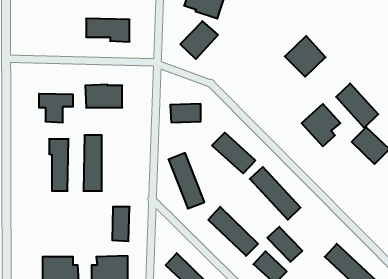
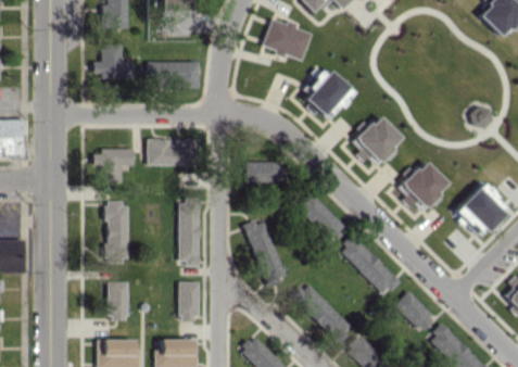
building: none -> [92,43,132,77]
building: [180,21,218,59] -> [304,71,349,115]
building: [285,36,326,77] -> [354,114,402,162]
building: [336,83,378,128] -> none
building: [83,135,102,191] -> [178,199,200,264]
building: none -> [108,281,127,320]
building: [267,227,302,262] -> [394,291,435,332]

